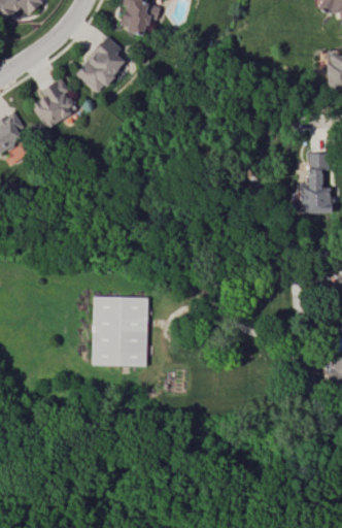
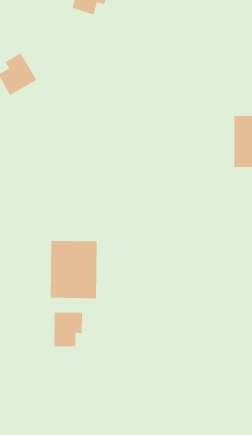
building: [74,36,130,95] -> none
building: none -> [54,312,83,347]

